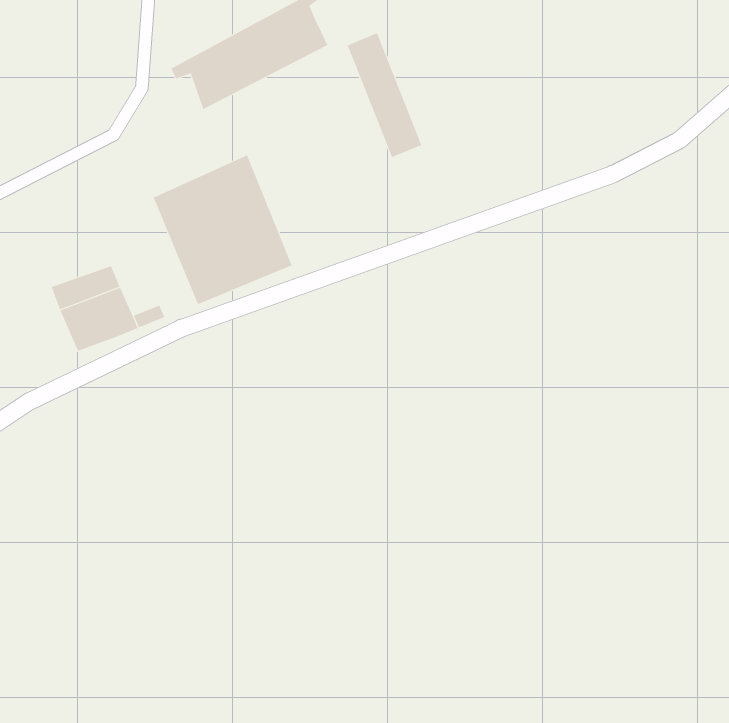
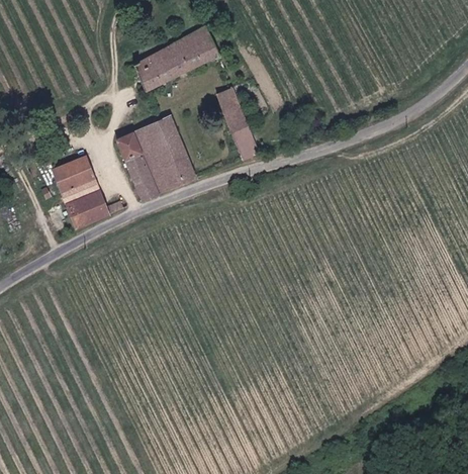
building: [347,33,422,158] -> [216,90,259,161]
building: none -> [50,155,94,191]

